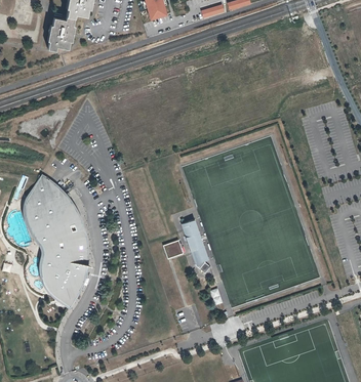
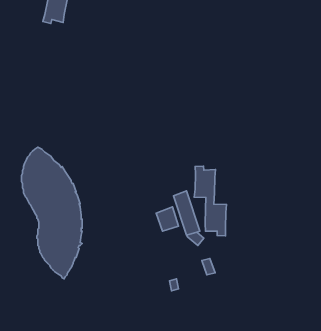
building: none -> [194,166,227,236]

